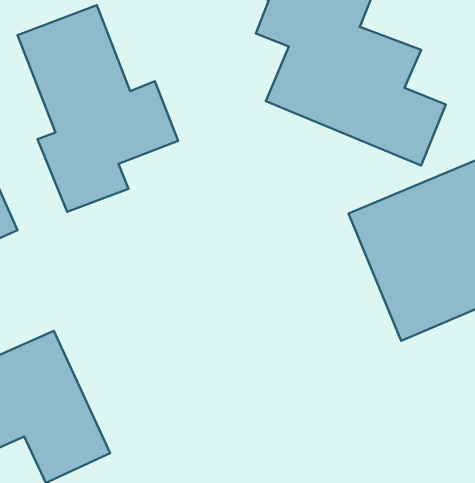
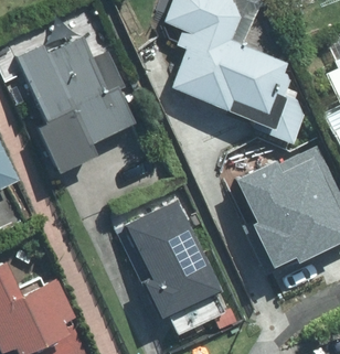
building: none -> [116,200,215,320]

